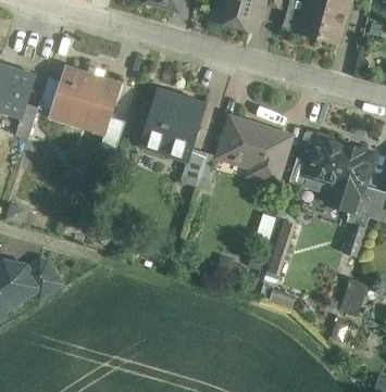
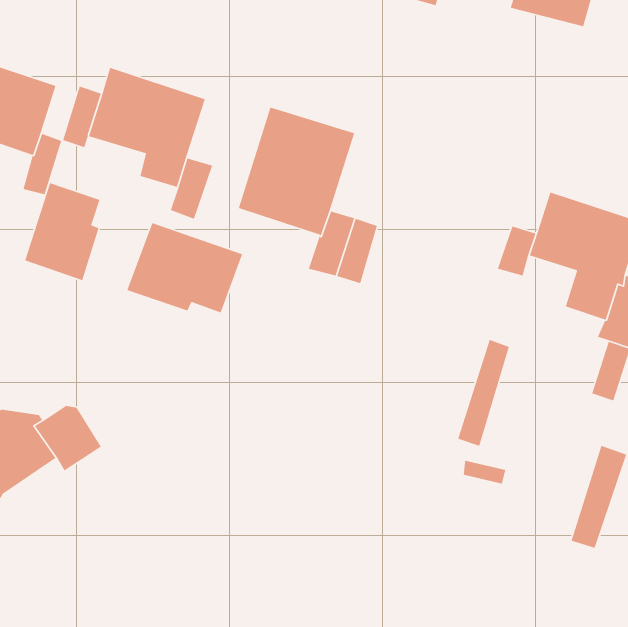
building: [220,117,289,180] -> none
building: none -> [24,182,101,281]
building: none -> [126,222,243,314]

